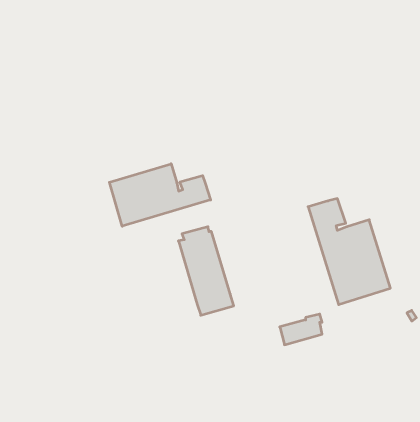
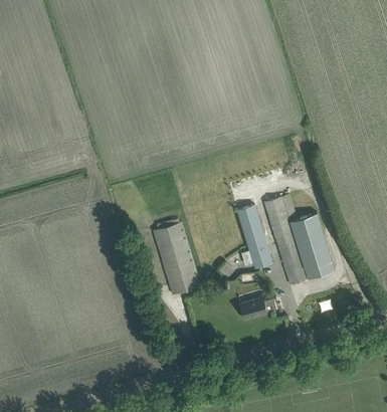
building: [109,164,211,226] -> none
building: none -> [237,205,272,268]

